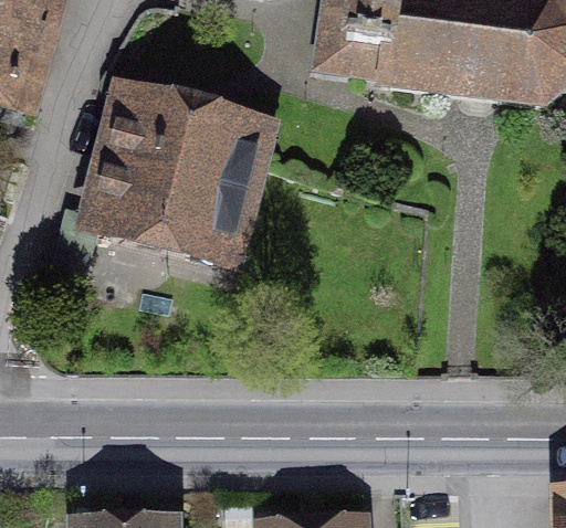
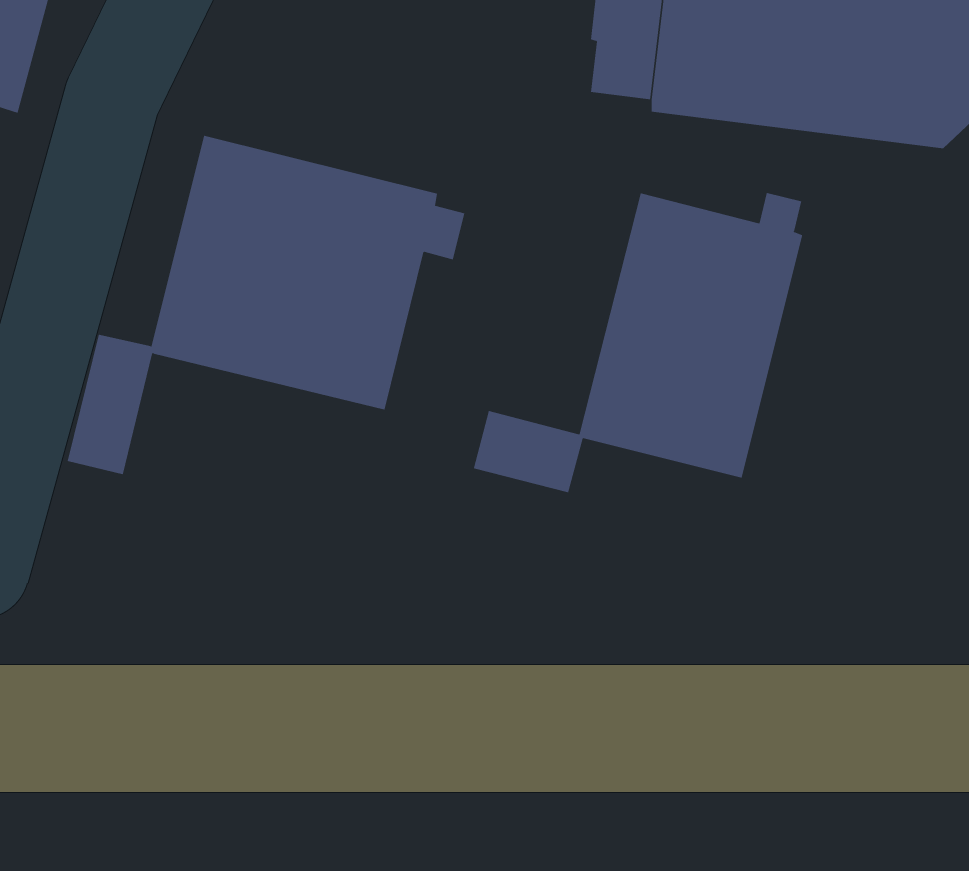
building: none -> [473,192,803,493]

